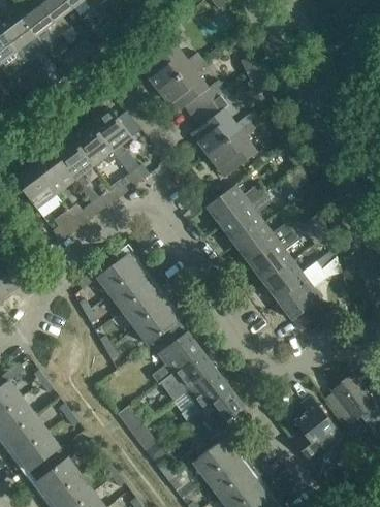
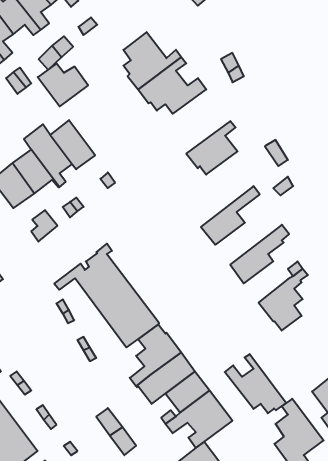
building: [193,92,250,155] -> none
building: [91,108,140,151] -> [38,64,88,106]
building: [207,178,273,227] -> none
building: [235,221,300,264] -> none
building: [263,261,307,302] -> none
building: none -> [225,354,286,413]

